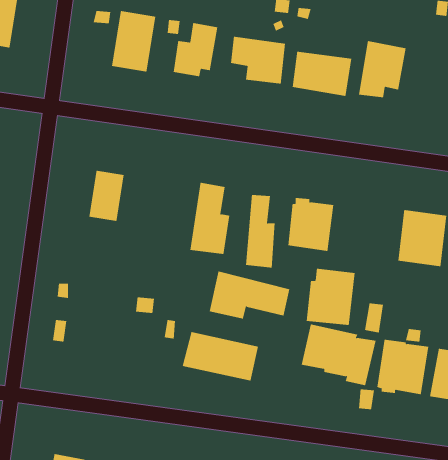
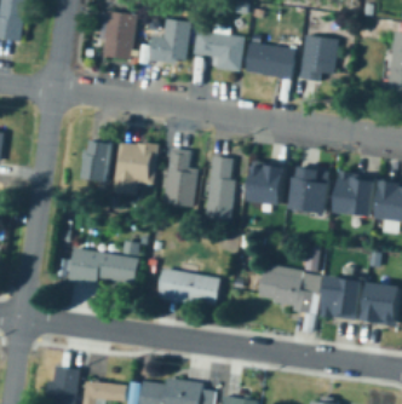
building: none -> [113,142,157,194]
building: [306,268,356,326] -> [285,166,325,212]
building: [209,271,290,319] -> [68,246,133,284]

